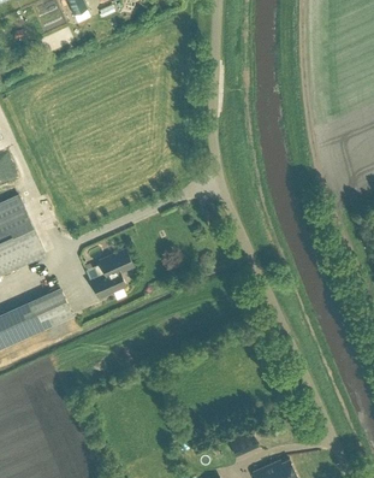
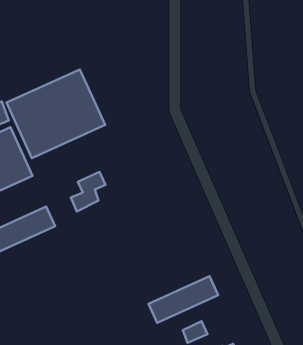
building: none -> [7,69,105,158]
building: none -> [148,276,218,323]

